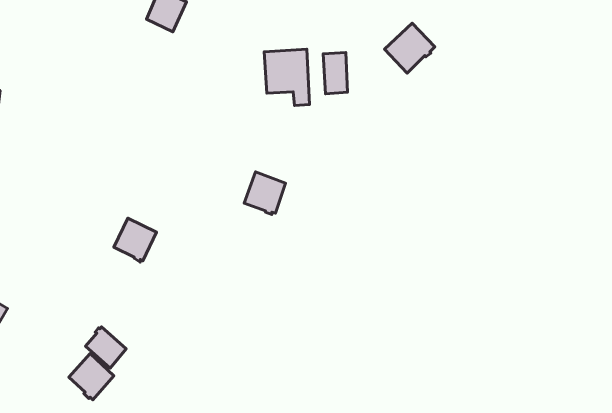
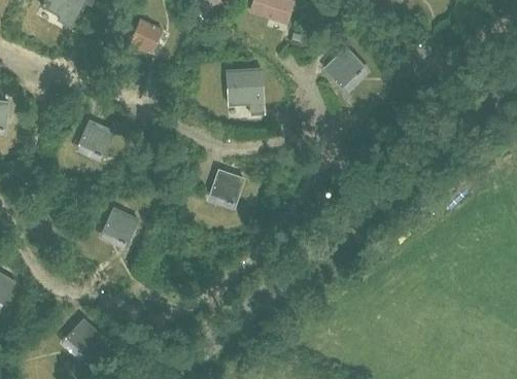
building: [323,53,347,94] -> none
building: none -> [78,119,113,154]
building: [86,327,126,368] -> none

